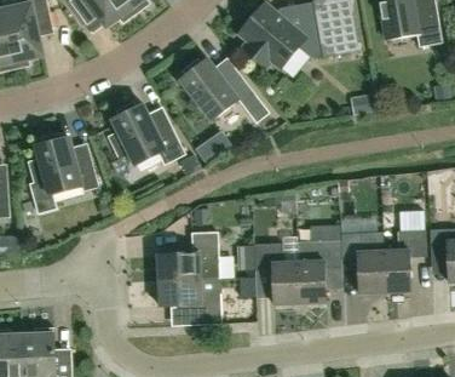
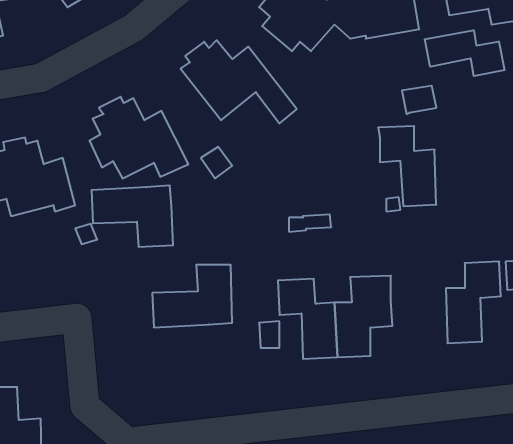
building: none -> [425,30,504,76]
building: [339,232,384,293] -> [378,126,436,206]
building: [157,276,220,324] -> [91,186,173,247]

